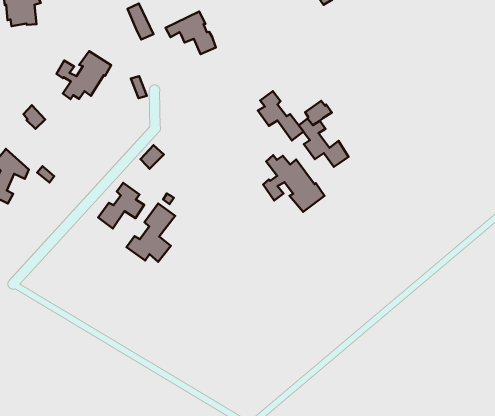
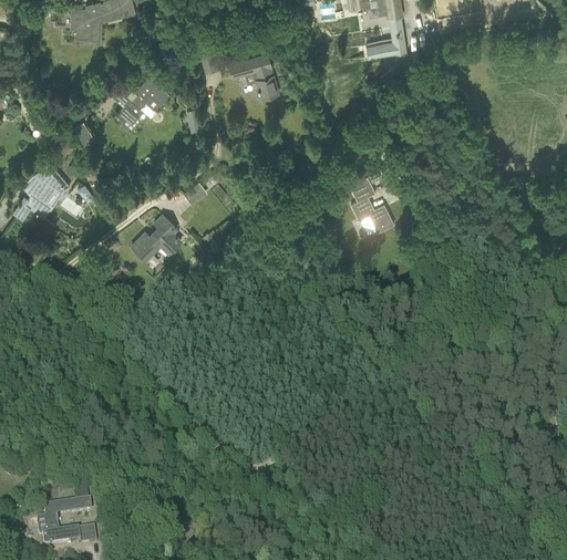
building: [258,91,303,140] -> none
building: [263,155,324,212] -> none
building: [127,203,175,262] -> none

